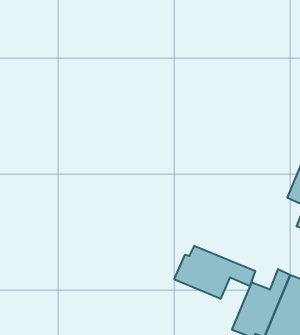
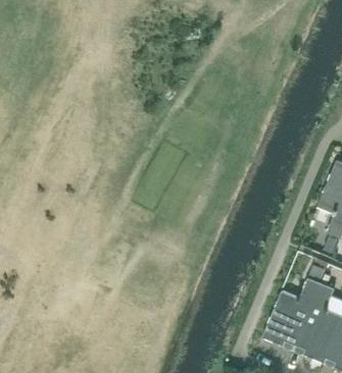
building: [174,246,255,299] -> none

